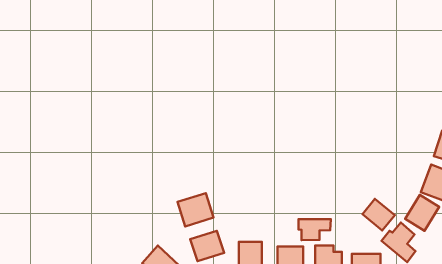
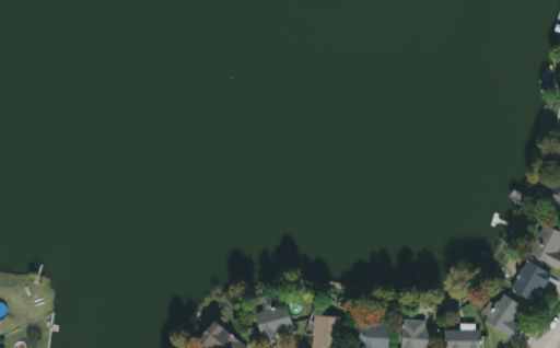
building: [178,193,213,226] -> none
building: [362,199,395,230] -> none
building: [298,219,331,240] -> none

